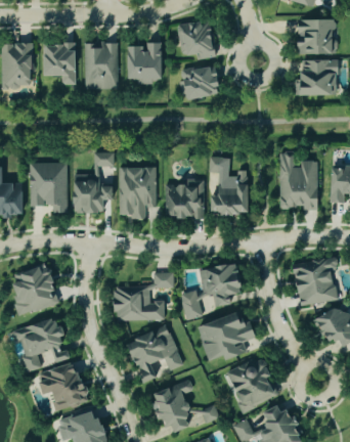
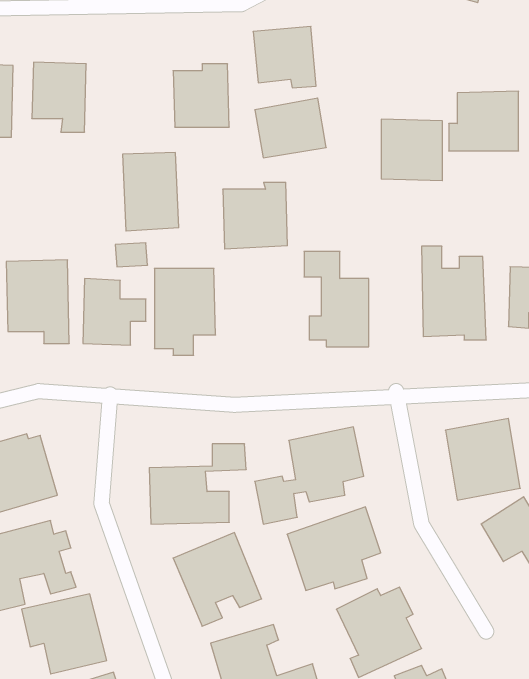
building: [298,19,335,56] -> [381,119,442,181]
building: [84,43,118,90] -> [123,153,179,231]
building: [164,179,203,219] -> [223,182,287,249]

